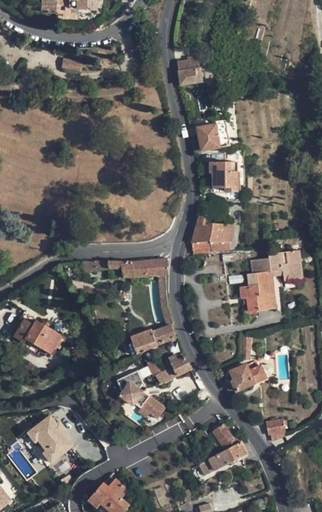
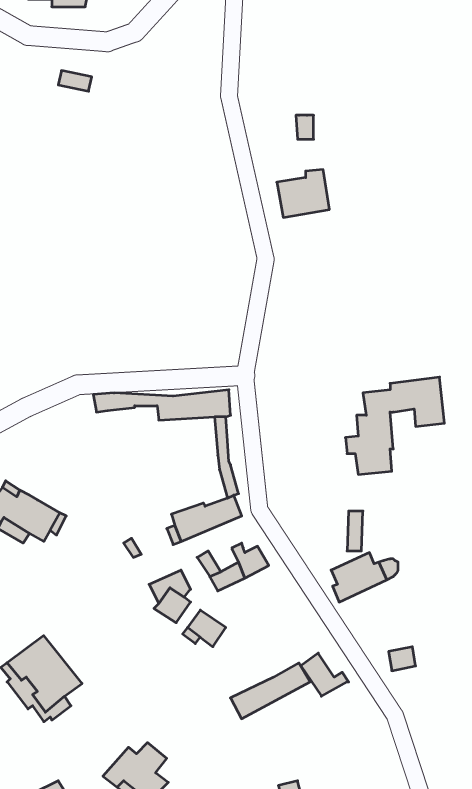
building: [177,57,203,85] -> none
building: [210,162,239,191] -> none
building: [192,209,234,253] -> none
building: [198,441,248,476] -> [230,663,310,719]

